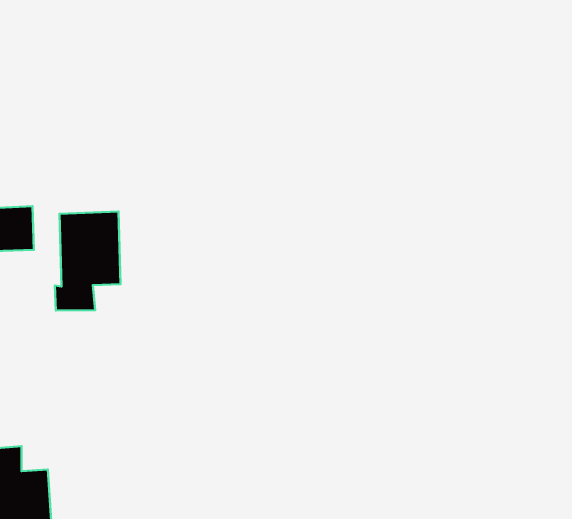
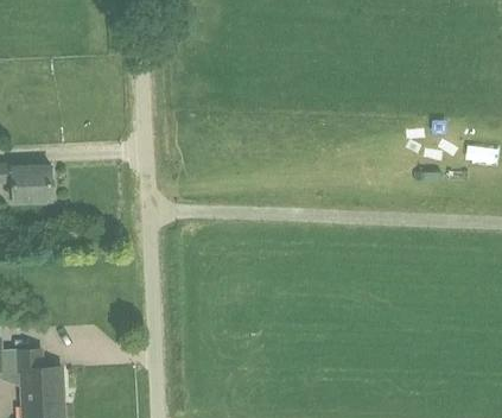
building: [55,212,121,311] -> none

